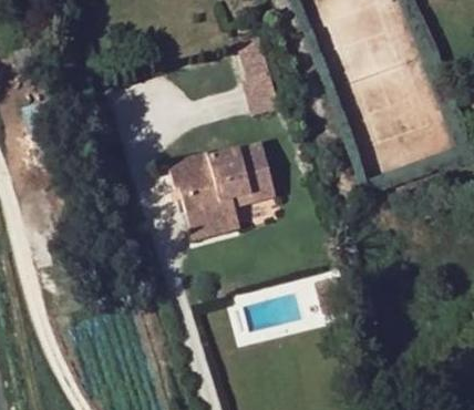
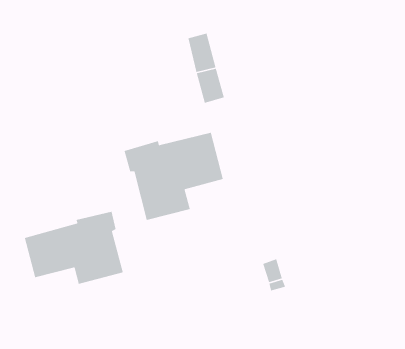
building: none -> [24,211,124,285]

